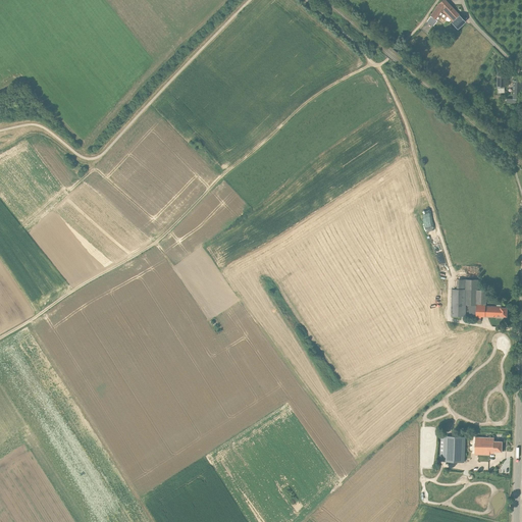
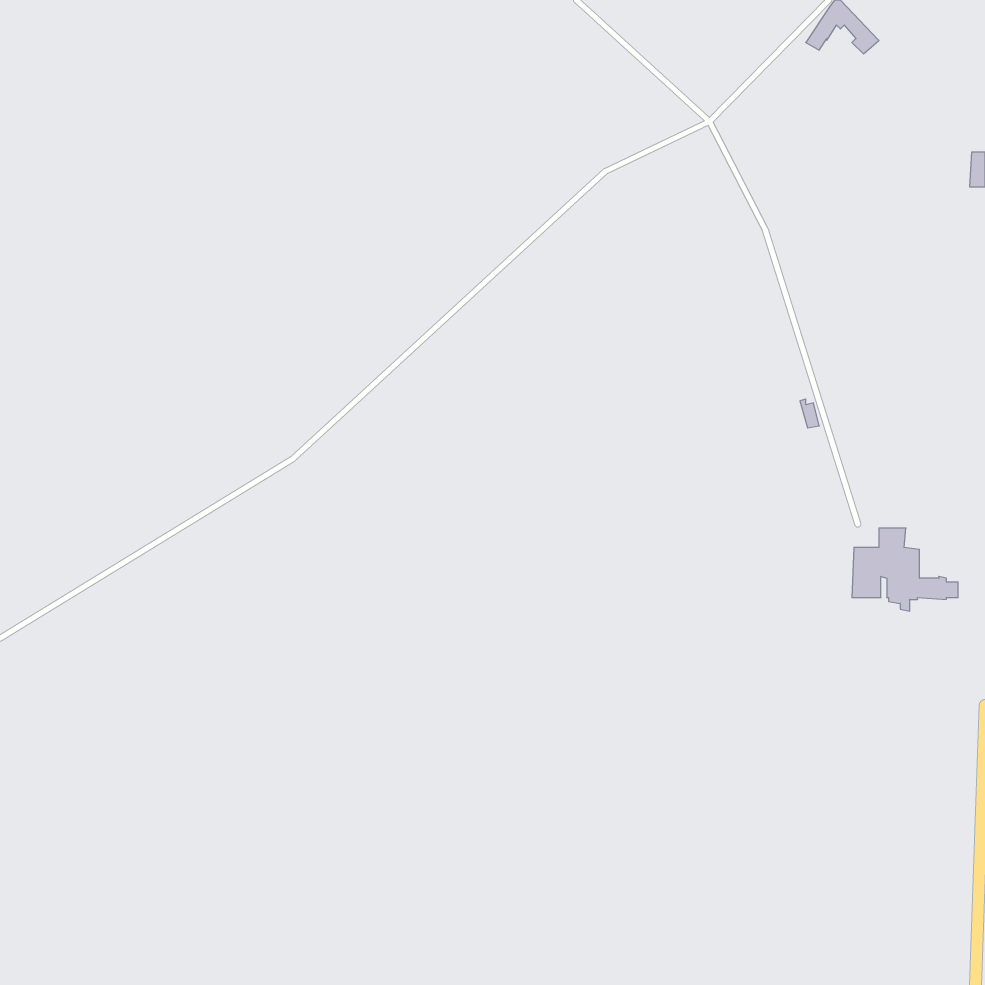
building: [439,436,466,462] -> none
building: [475,437,503,463] -> none

